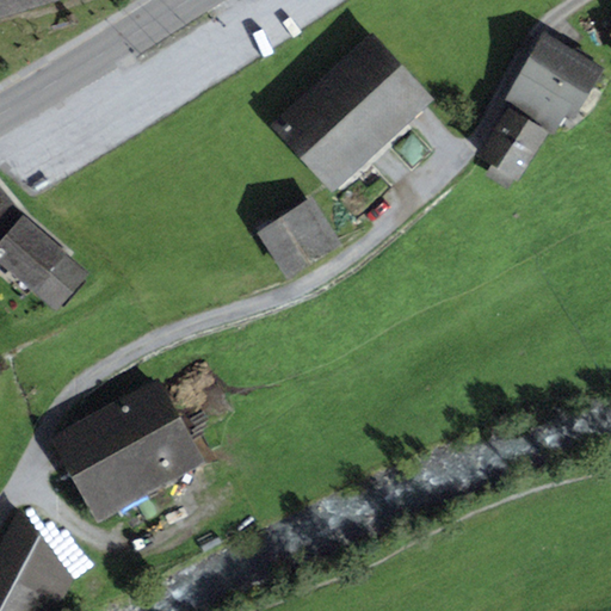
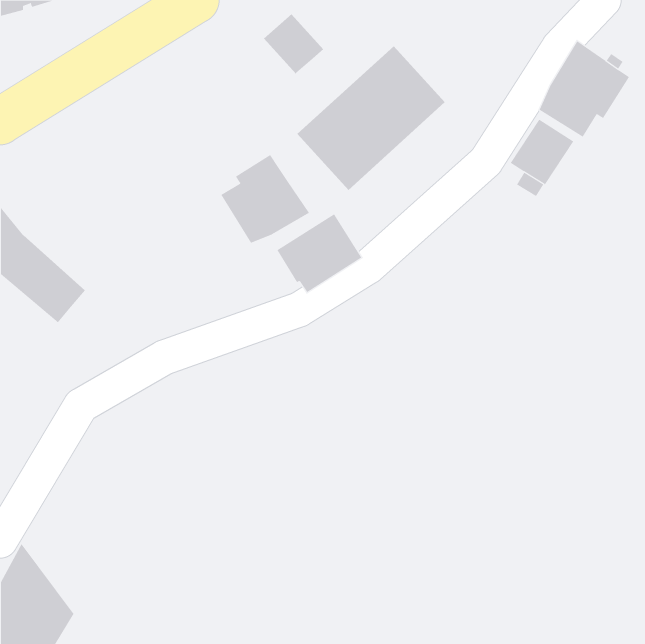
building: none -> [263,13,324,75]
building: none -> [220,154,310,243]
building: [58,388,192,507] -> none

